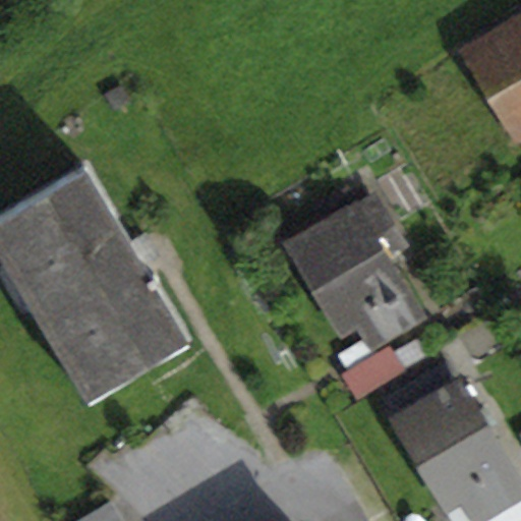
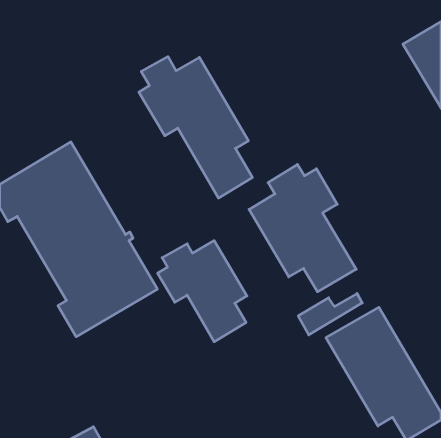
building: none -> [139,57,252,198]
building: none -> [158,241,247,342]

